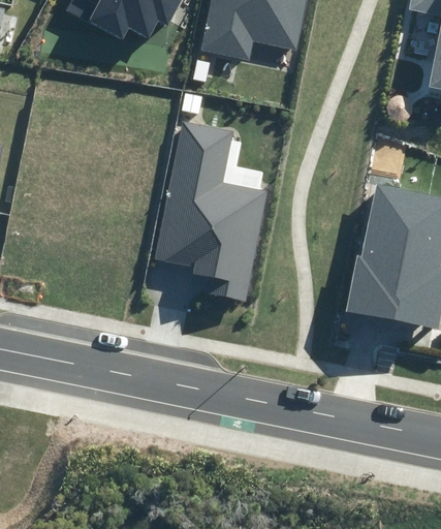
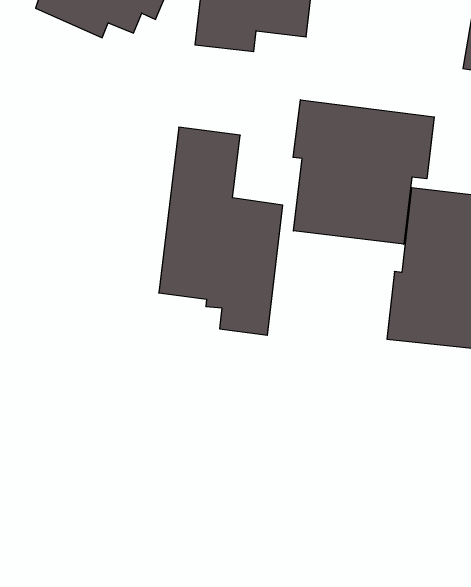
building: none -> [293,100,434,244]

